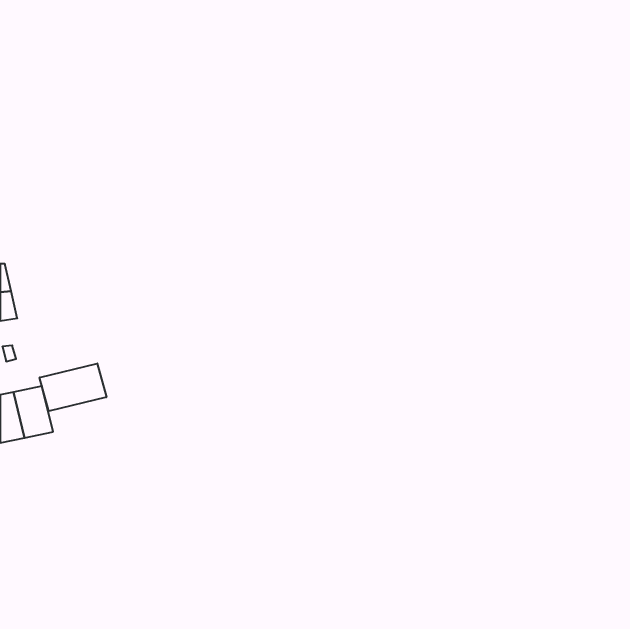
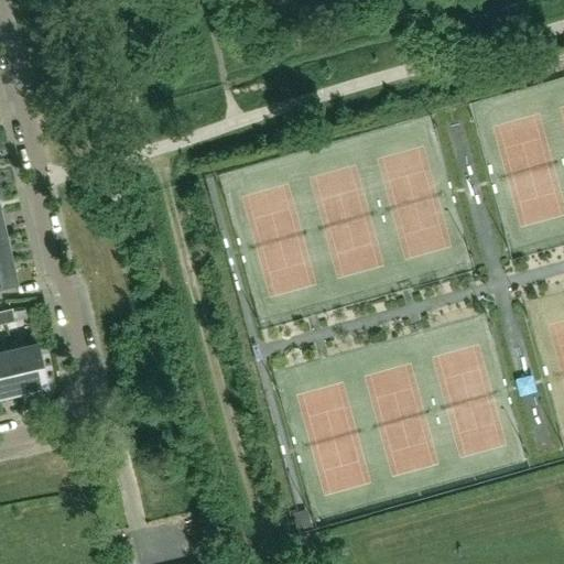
building: [40,363,106,411] -> none

